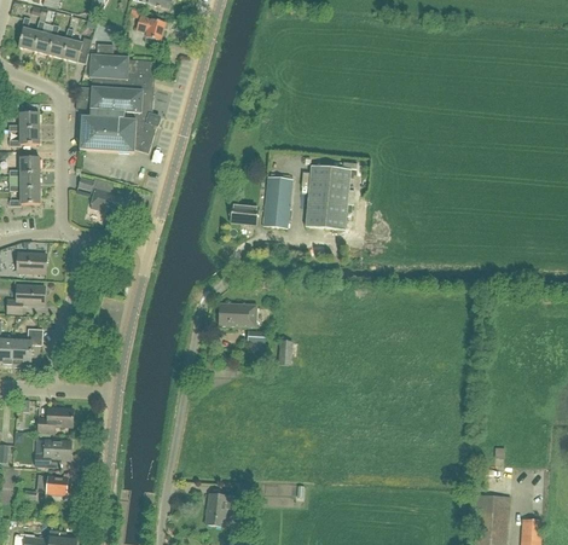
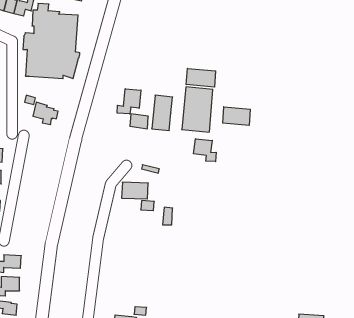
building: none -> [186,68,216,87]
building: none -> [117,89,141,114]
building: none -> [223,107,250,125]
building: none -> [194,139,216,162]

